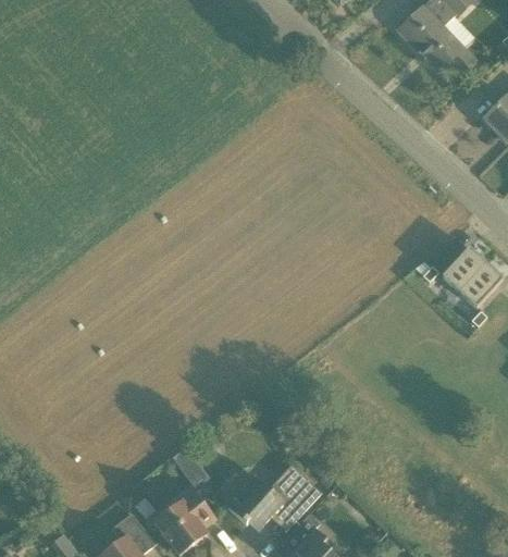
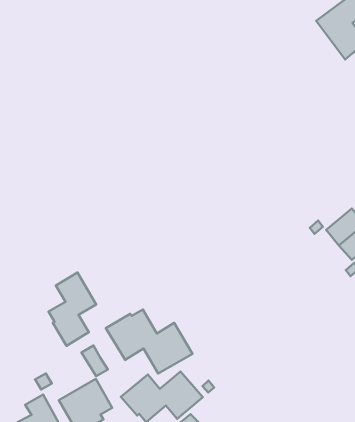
building: none -> [49,272,96,346]
building: none -> [106,310,193,374]

